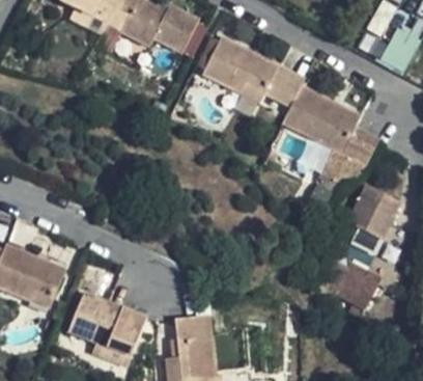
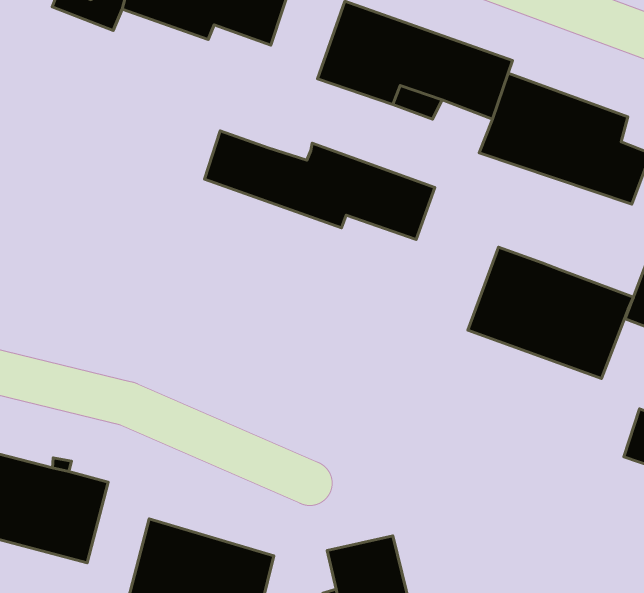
building: none -> [204,131,435,240]
building: none -> [468,247,634,379]

